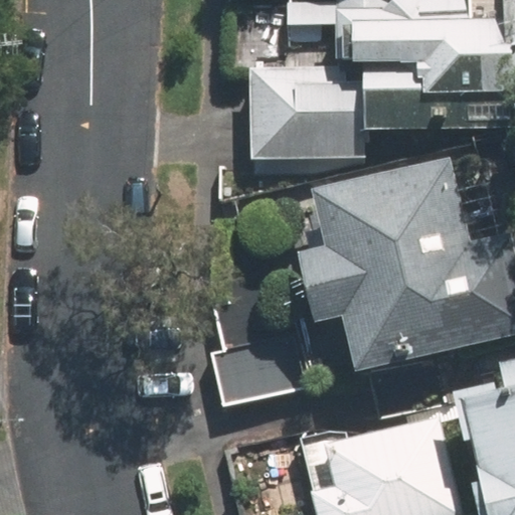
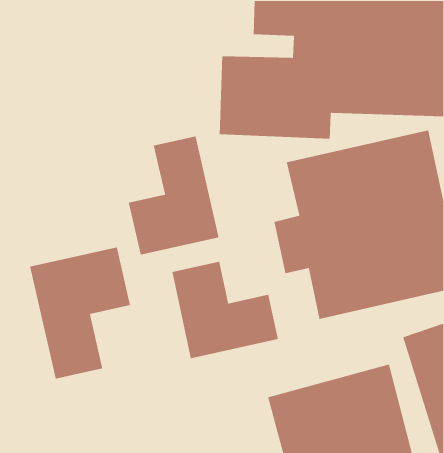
building: none -> [128,136,220,255]
building: none -> [29,247,131,379]

